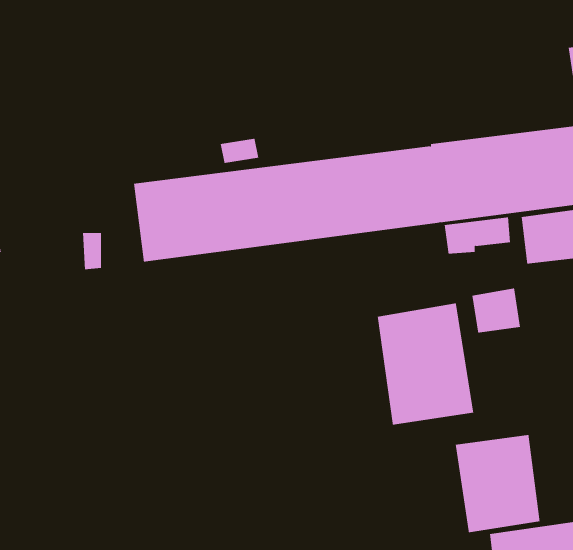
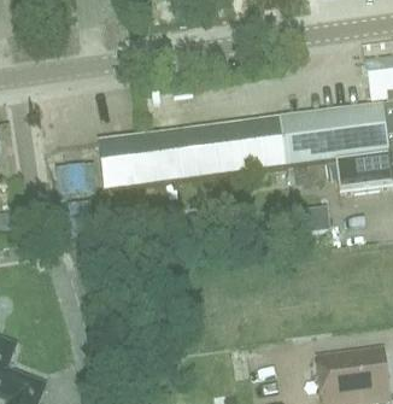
building: [377,303,474,425] -> none
building: [455,434,540,533] -> none

